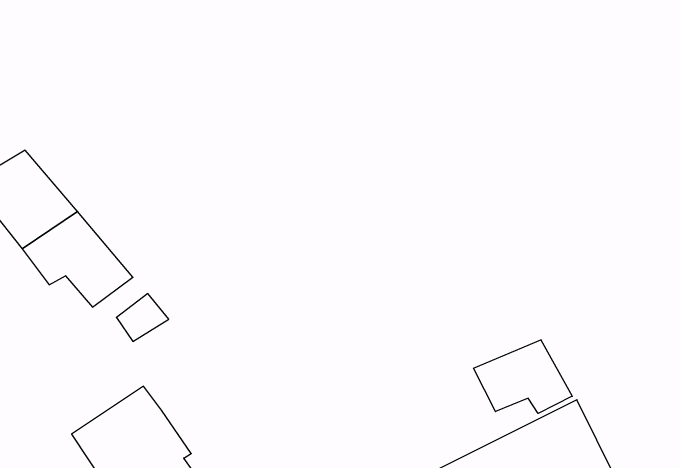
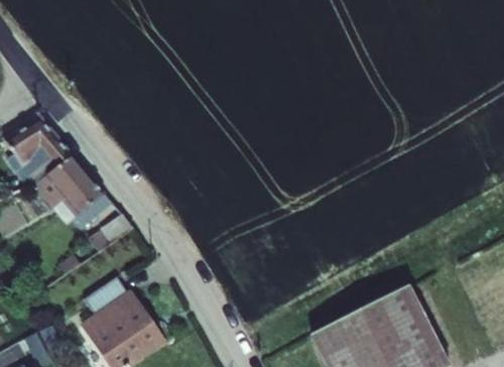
building: [474,340,572,413] -> none

